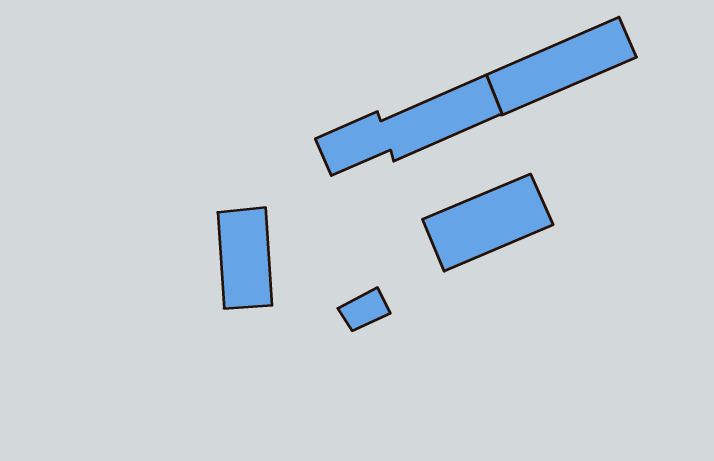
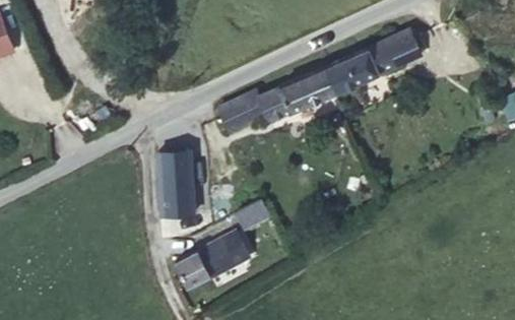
building: [423,174,553,271] -> none
building: none -> [176,233,246,287]

